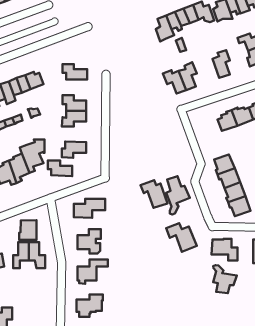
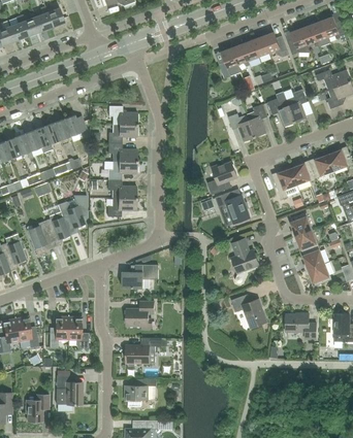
building: none -> [267,99,294,127]
building: none -> [108,125,137,143]
building: none -> [207,162,237,195]
building: none -> [271,171,297,200]
building: [48,160,72,176] -> [107,180,136,199]
building: [140,180,167,208] -> [218,191,250,224]
building: [19,220,36,240] -> none
building: [213,265,237,293] -> none
building: none -> [56,375,82,405]

